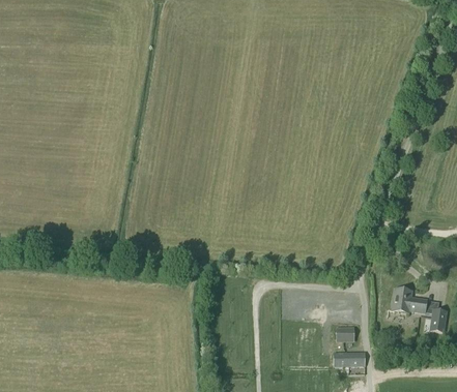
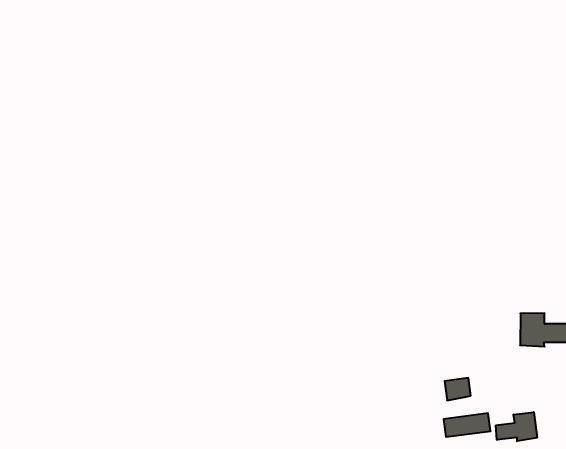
building: none -> [496,412,537,441]

